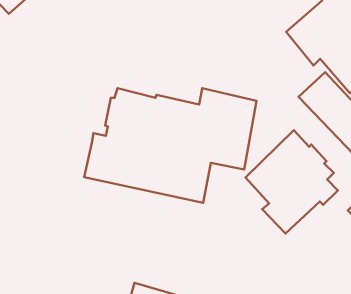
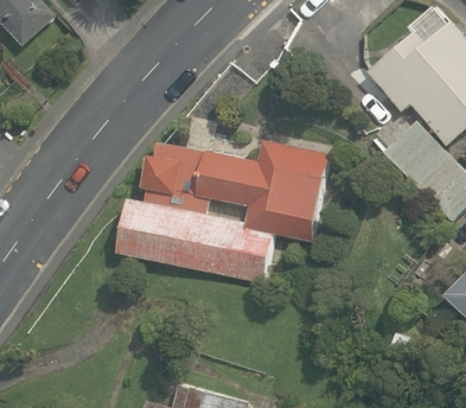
building: [245,130,338,233] -> none

